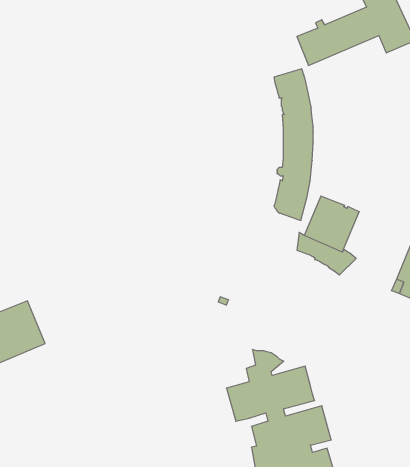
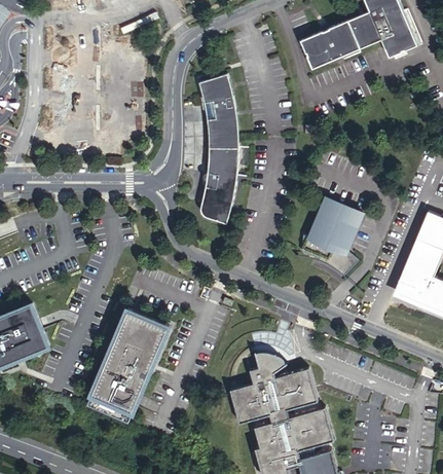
building: [274,69,313,220] -> [199,76,238,226]
building: none -> [88,309,170,422]

